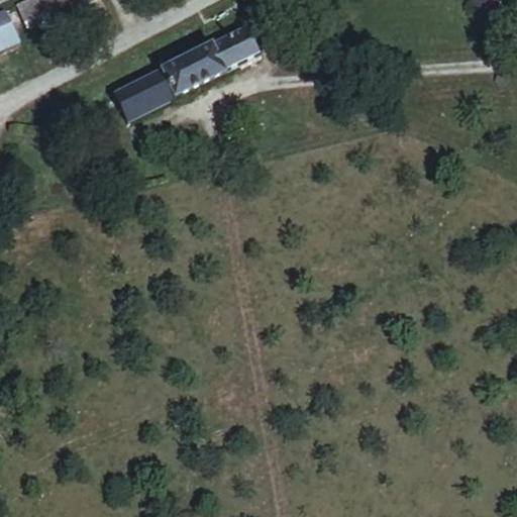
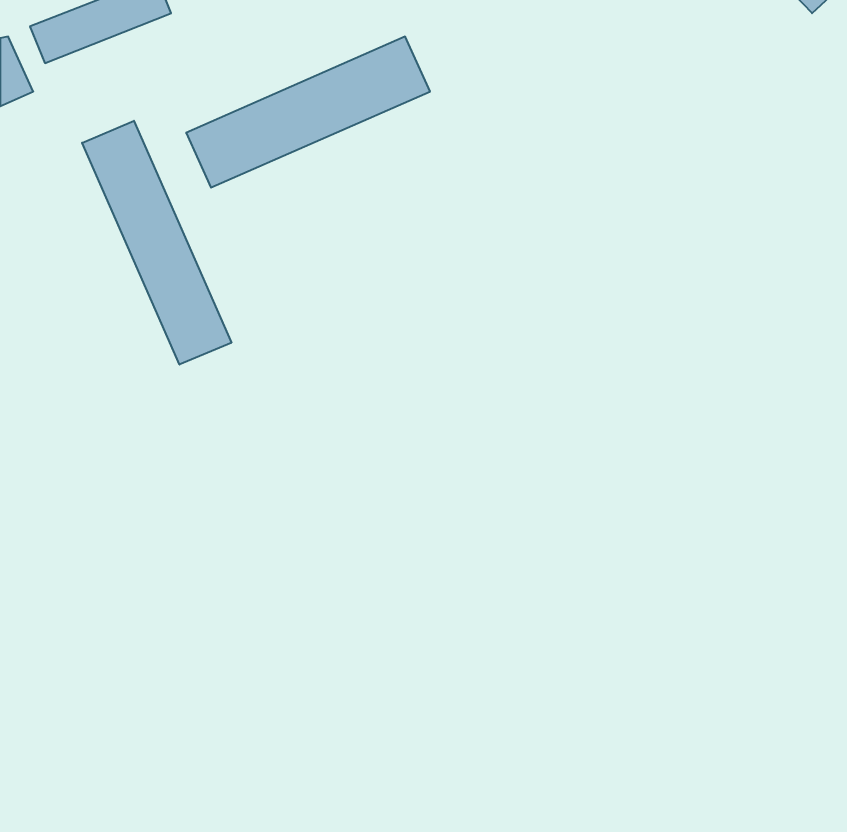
building: none -> [82,121,231,365]

